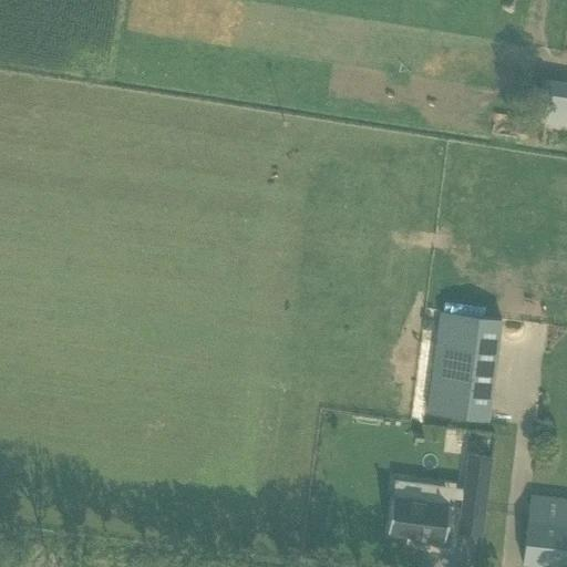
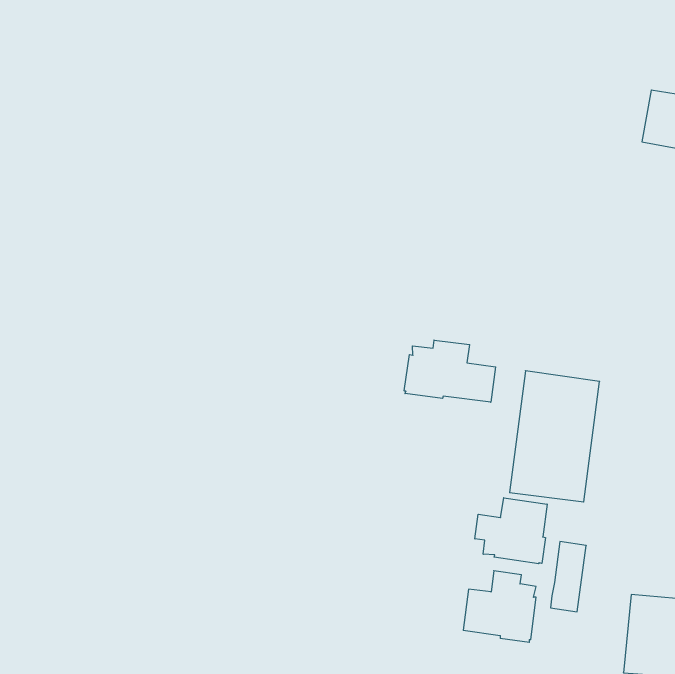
building: none -> [404,340,496,402]
building: none -> [475,498,547,564]

